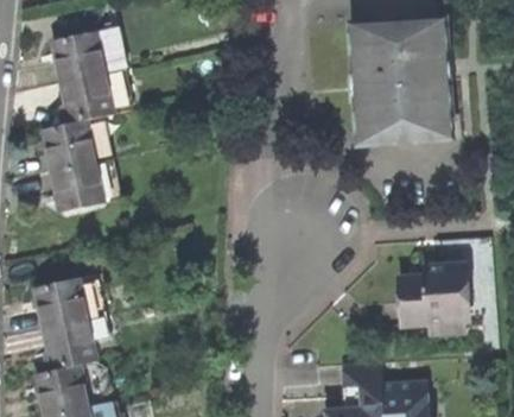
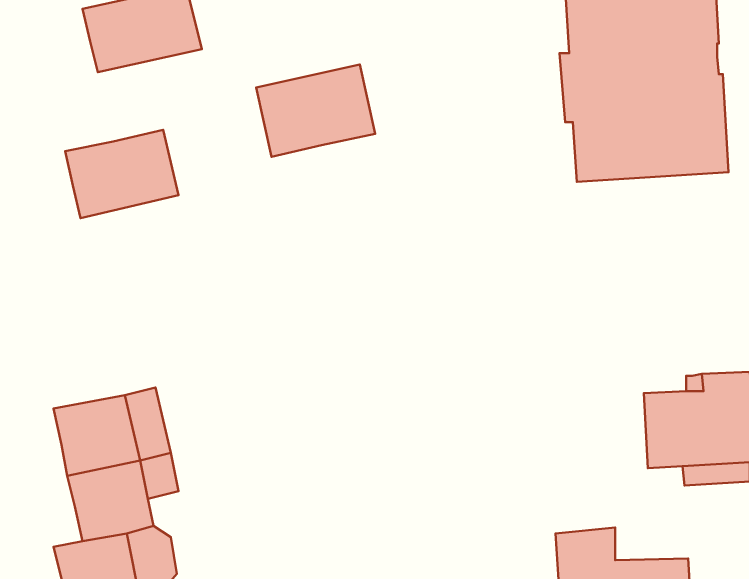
building: [62,65,135,122] -> [256,64,375,157]
building: [51,156,121,213] -> none

